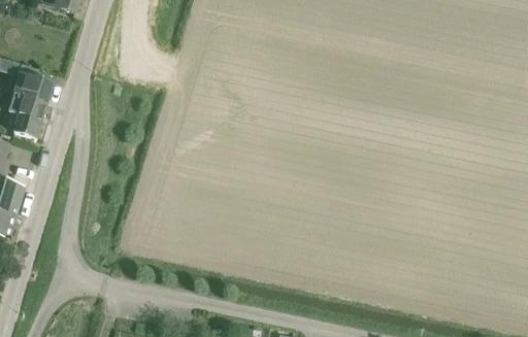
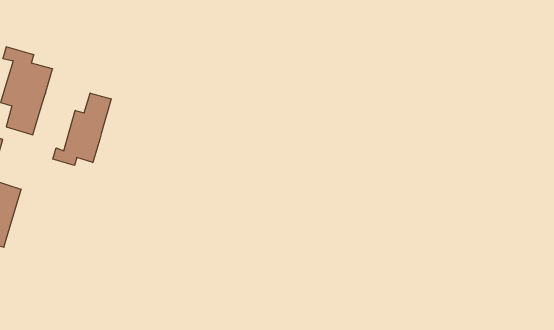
building: none -> [53,93,111,165]

